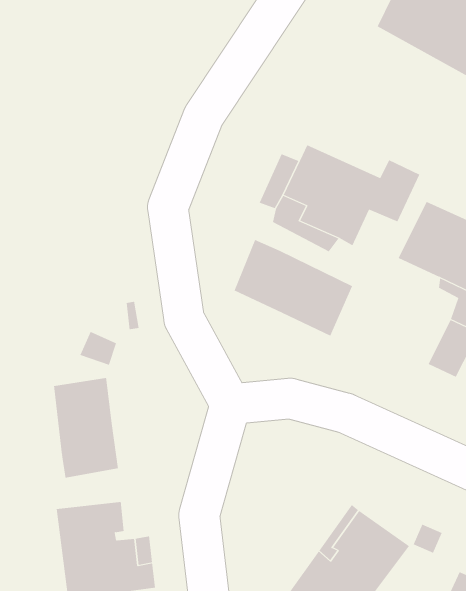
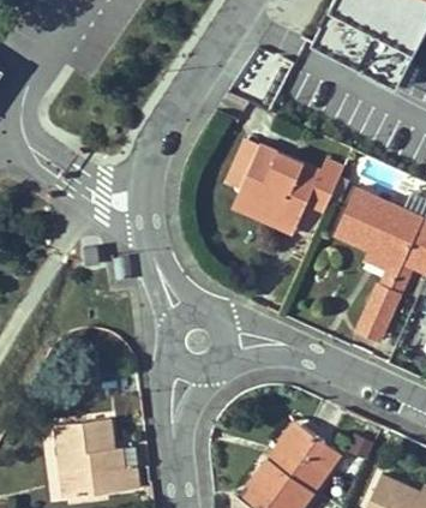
building: [234,239,353,336] -> none
building: [53,377,118,479] -> none

